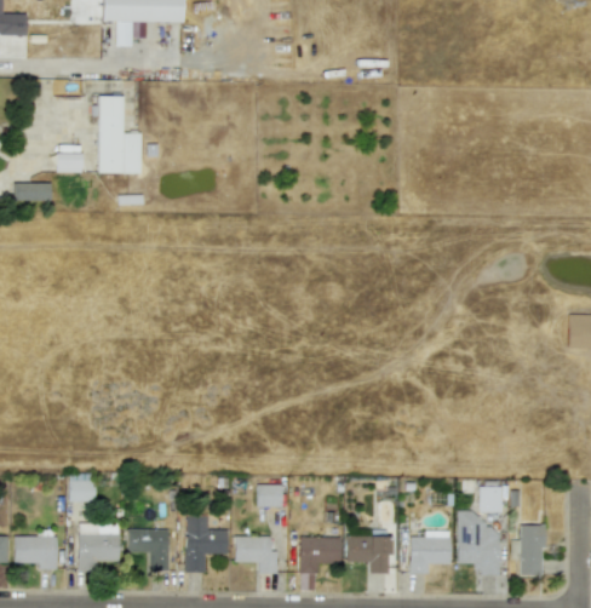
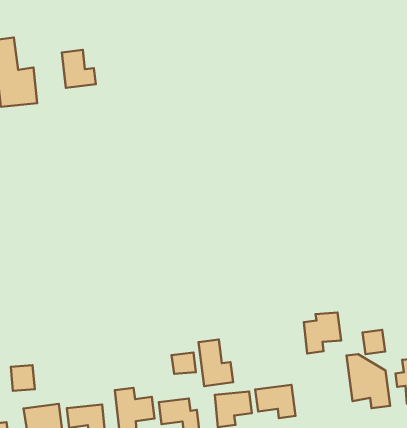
building: none -> [62,50,96,88]
building: none -> [198,339,233,386]
building: [409,529,451,573] -> [304,312,341,353]

